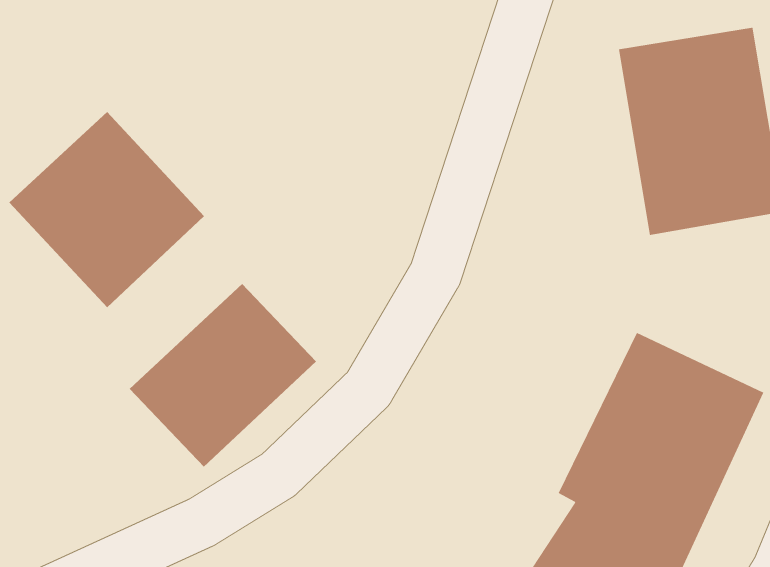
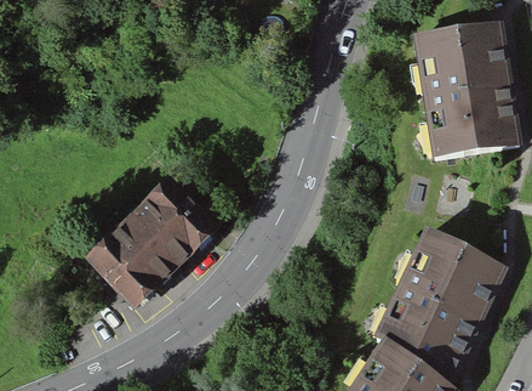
building: [8,111,205,308] -> none

